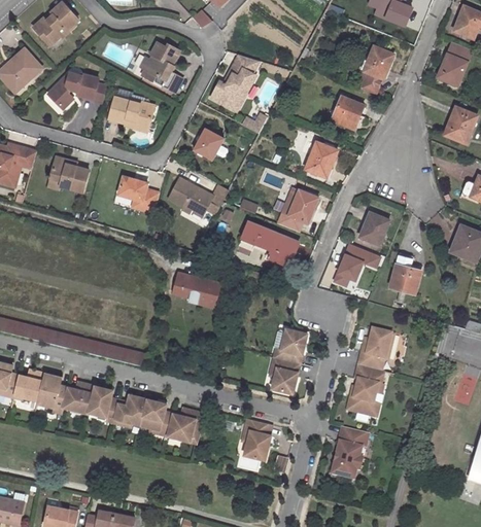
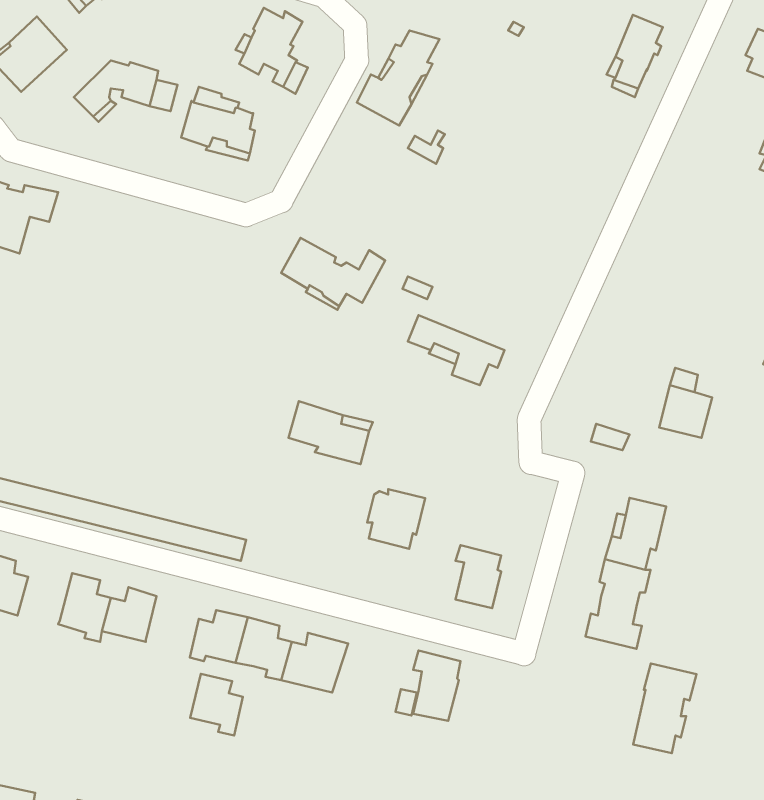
building: [332,95,364,128] -> none
building: [194,128,228,159] -> none
building: [306,141,338,176] -> none
building: [50,155,89,191] -> none
building: [118,175,160,213] -> none
building: [282,187,318,222] -> none
building: [364,212,389,244] -> none
building: [334,243,383,287] -> none
building: [272,327,306,362] -> [367,489,425,549]
building: [13,370,45,400] -> none
building: [89,386,119,422] -> [190,674,243,735]
building: [332,426,369,479] -> [633,664,697,753]

